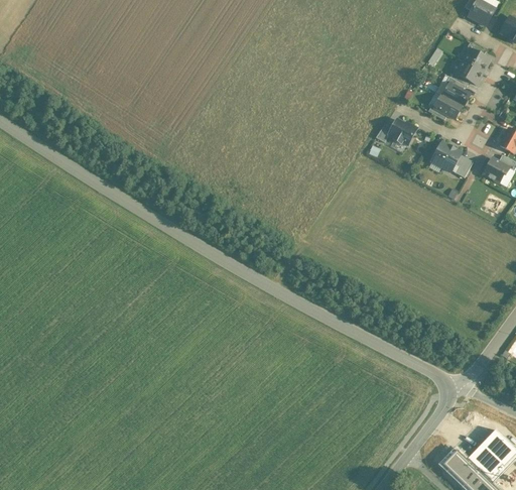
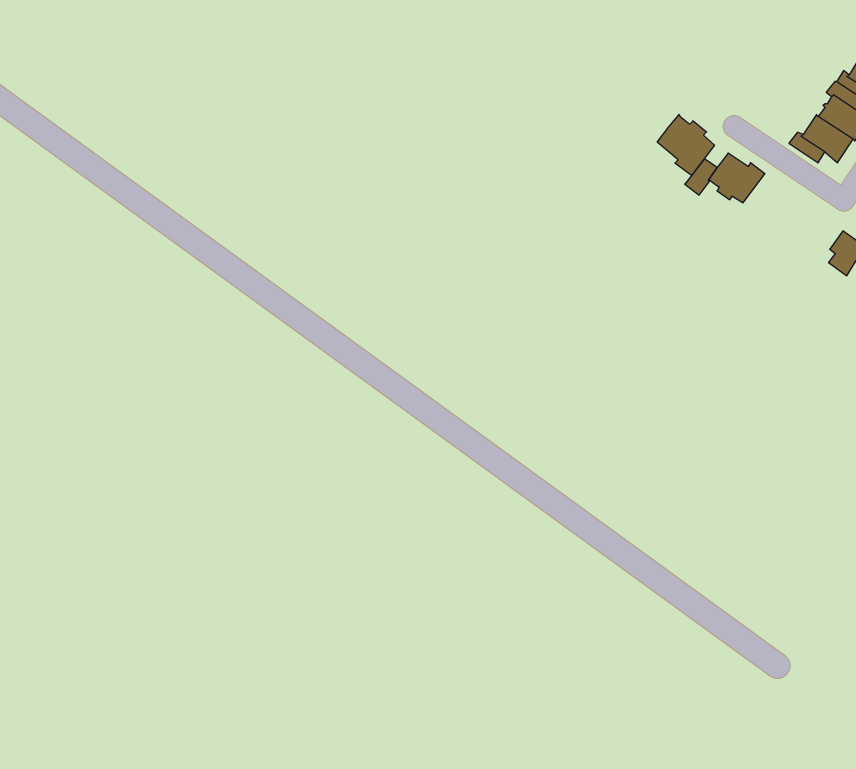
building: none -> [657,114,714,176]
building: [433,142,462,171] -> none

